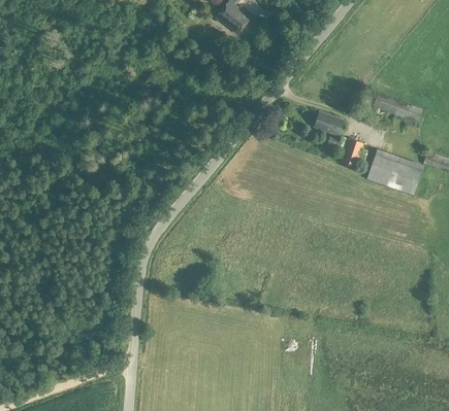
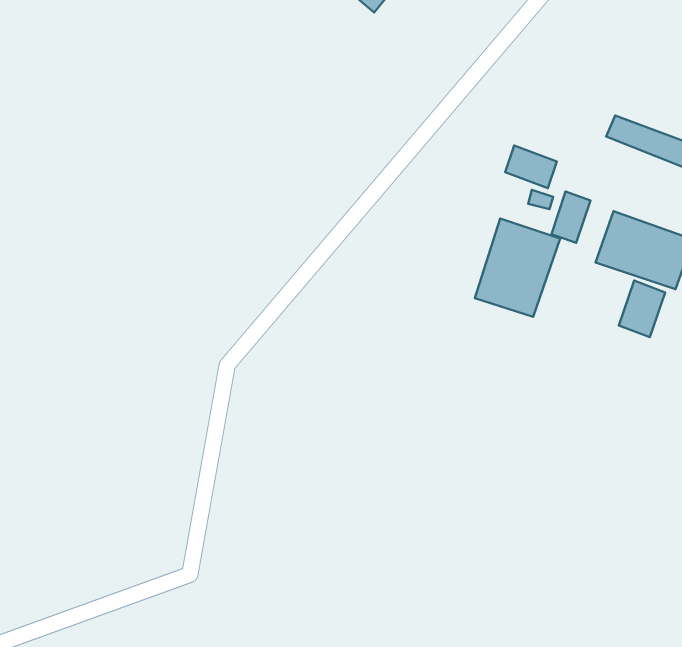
building: none -> [475,219,560,317]
building: none -> [619,281,665,337]

